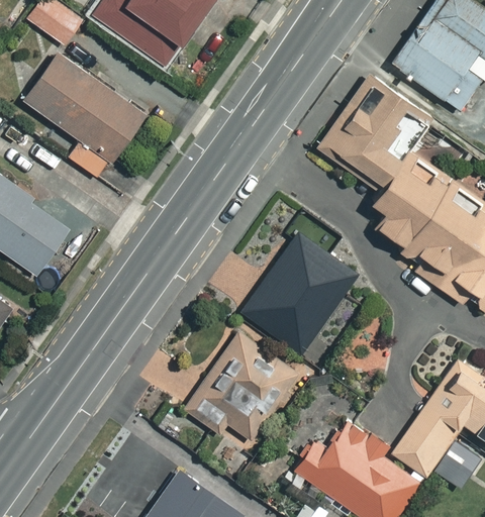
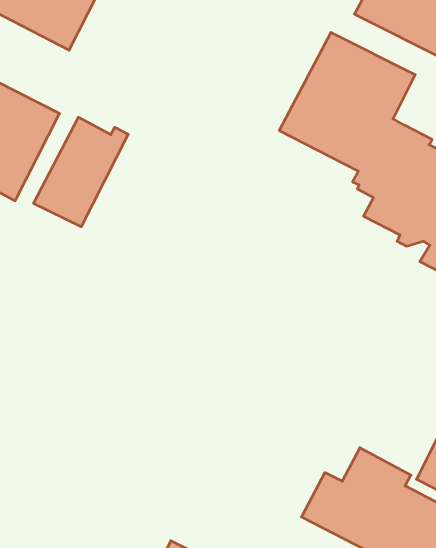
building: none -> [34,117,128,227]
building: [240,231,357,353] -> none
building: [183,331,297,440] -> none

